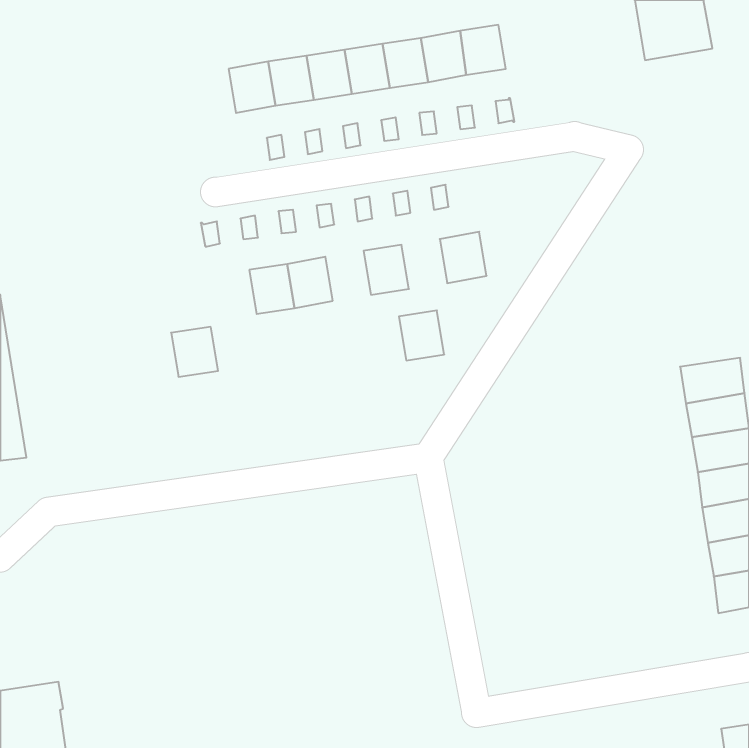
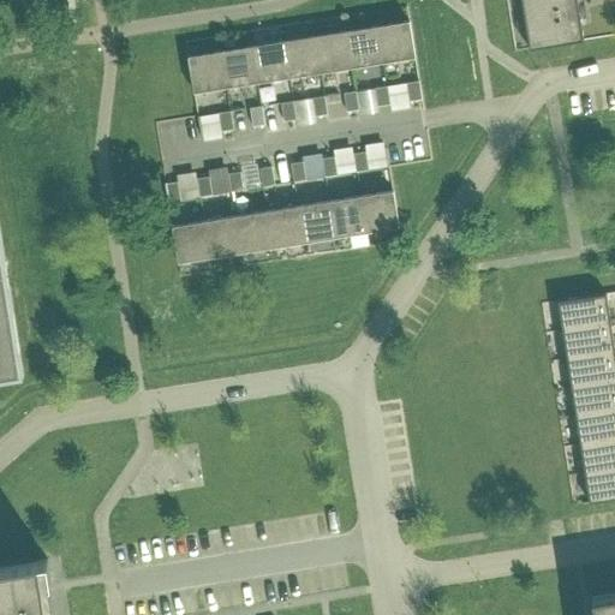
building: none -> [267,207,304,247]
building: [399,310,444,360] -> [329,197,366,238]
building: [171,327,218,377] -> [172,222,210,263]

